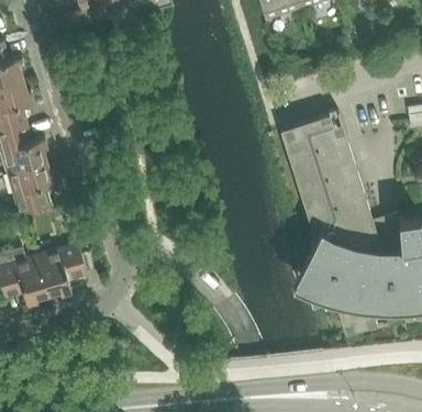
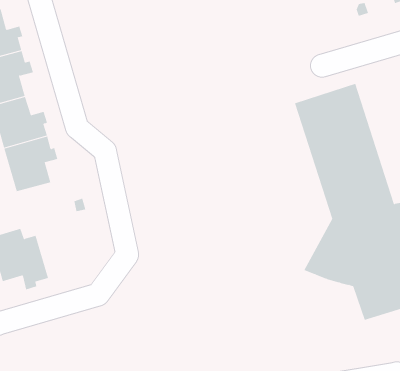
building: [36,243,87,296] -> none

